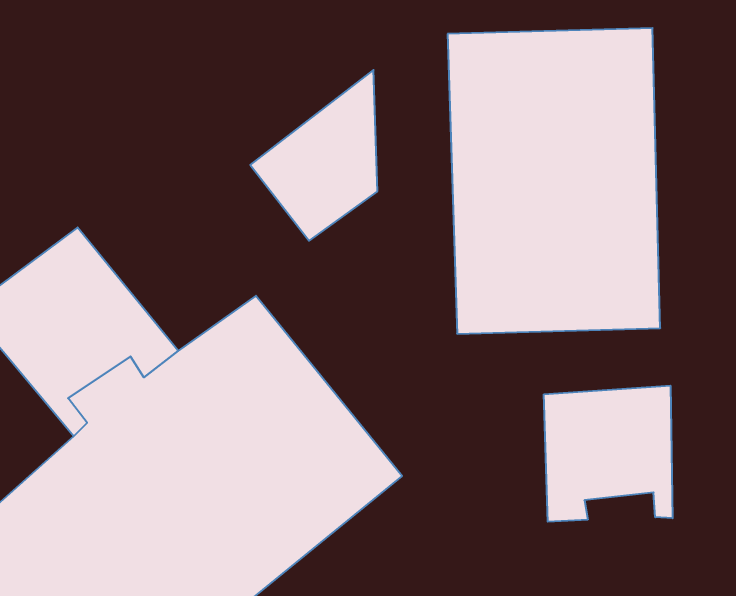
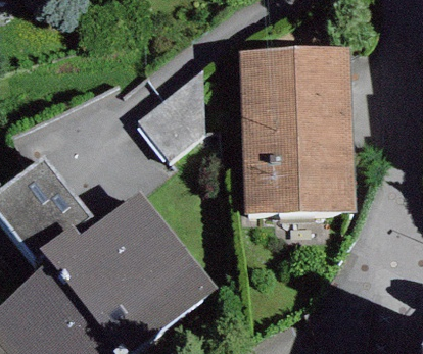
building: [544,386,673,522] -> none

